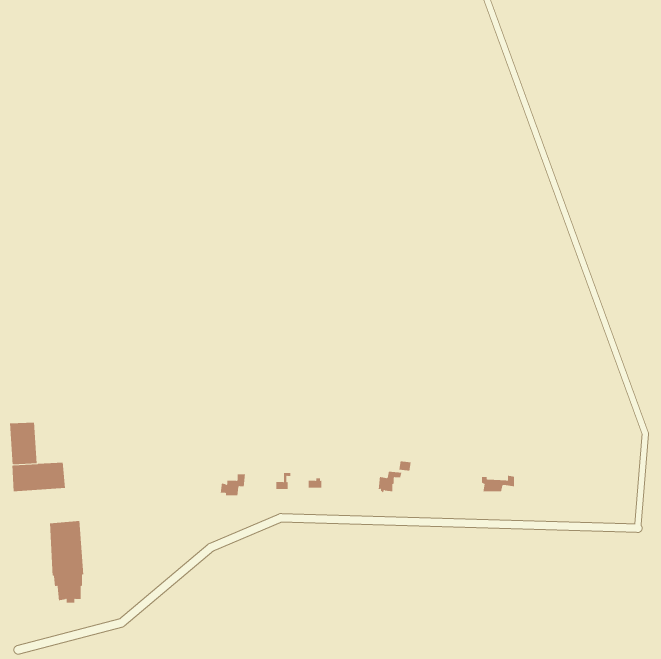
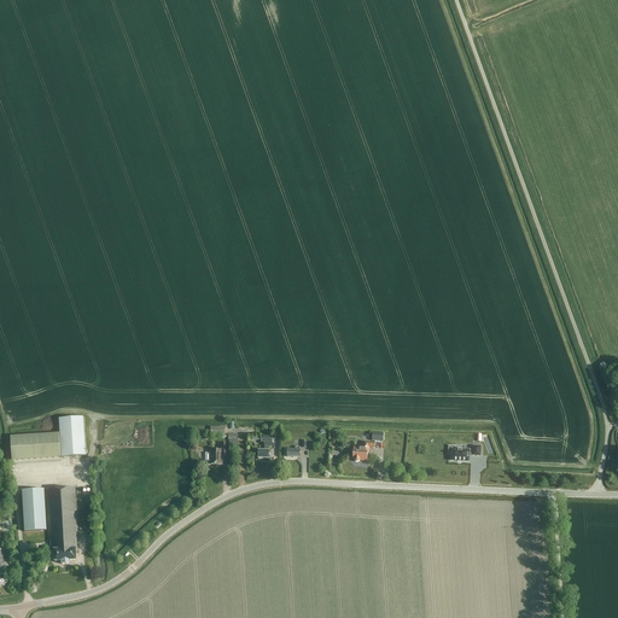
building: [9,422,38,465] -> [59,415,86,455]
building: none -> [22,488,47,530]

